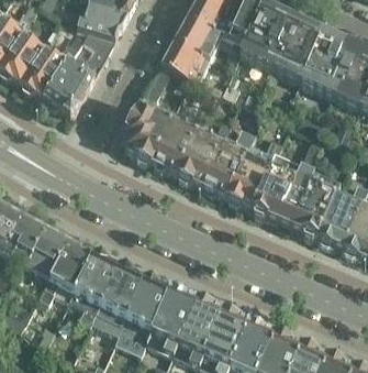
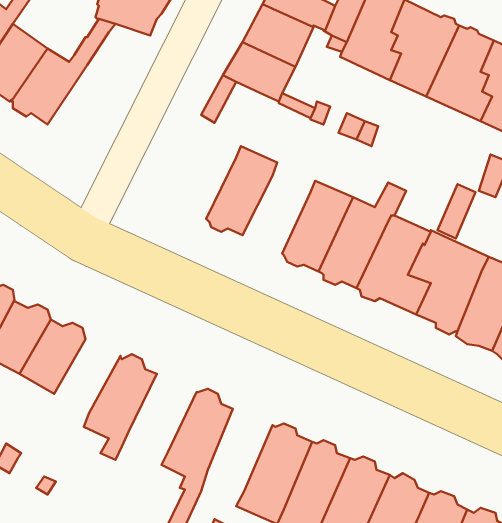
building: [45,32,115,116] -> none
building: [121,98,175,163] -> none
building: [175,112,232,185] -> none
building: [40,242,93,301] -> none
building: [94,263,144,326] -> none
building: [147,286,194,353] -> none

